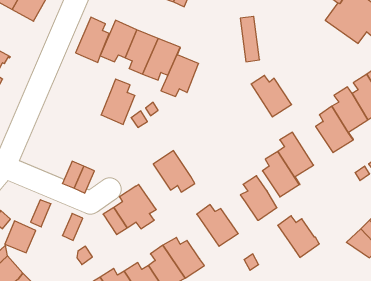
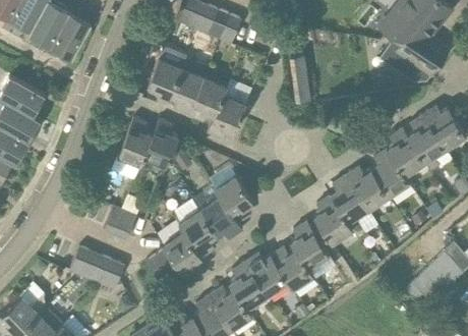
building: [76,17,109,62] -> [118,117,154,165]
building: [251,75,292,117] -> [346,166,389,210]
building: none -> [217,175,254,222]
building: none -> [179,209,218,257]
building: none -> [230,262,269,309]
building: [278,216,319,257] -> [271,245,314,289]
building: [5,221,36,253] -> [81,250,114,284]

